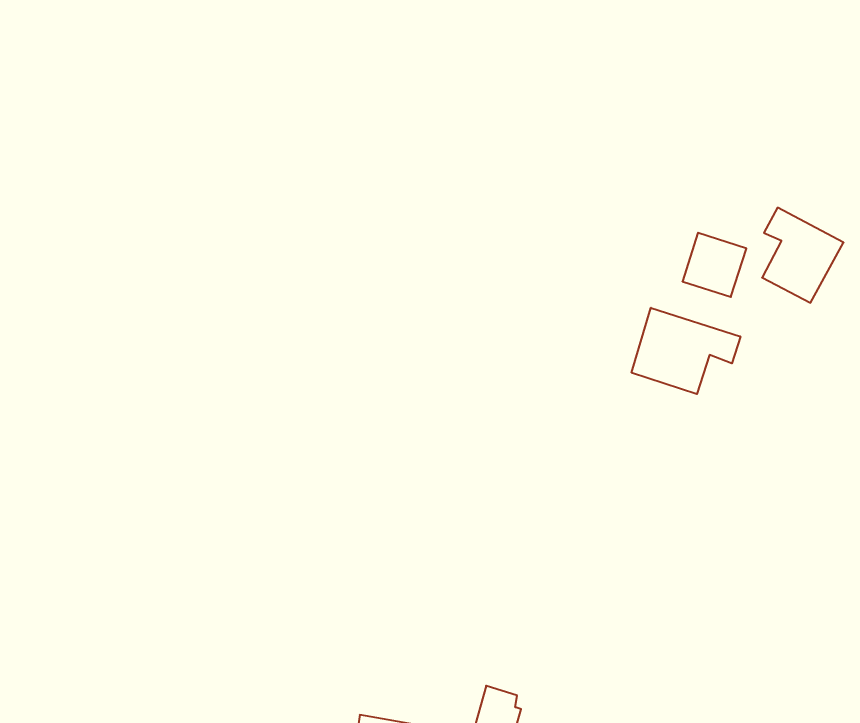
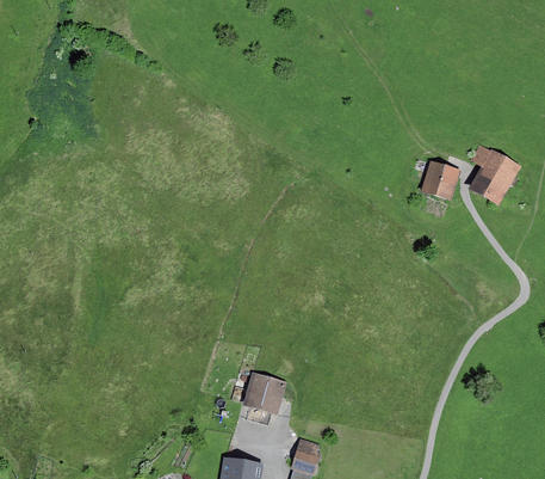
building: [632,308,740,394] -> none
building: none -> [242,371,286,413]

